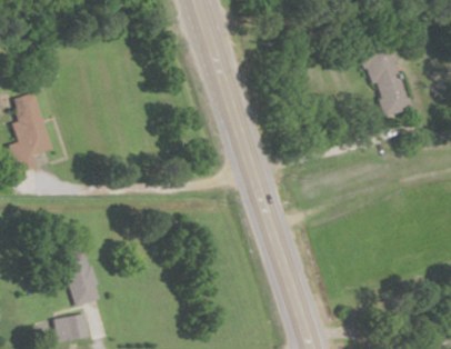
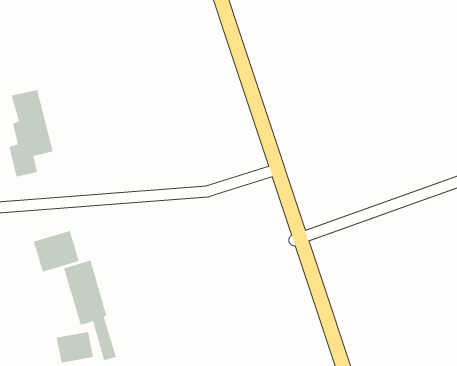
building: [363,42,409,116] -> none
building: none -> [33,230,79,272]

